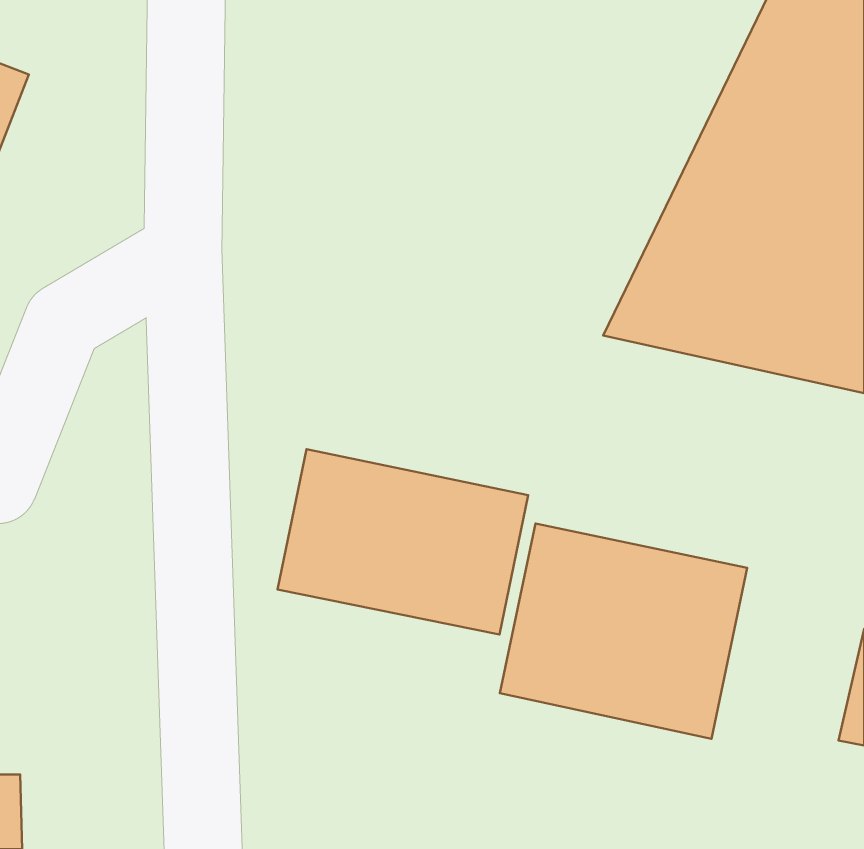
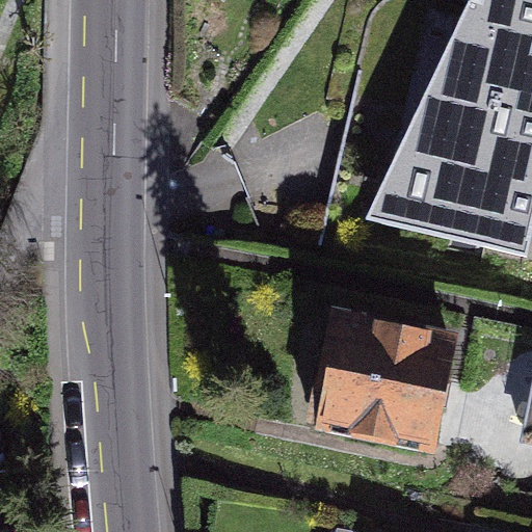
building: [277,449,528,634] -> none

